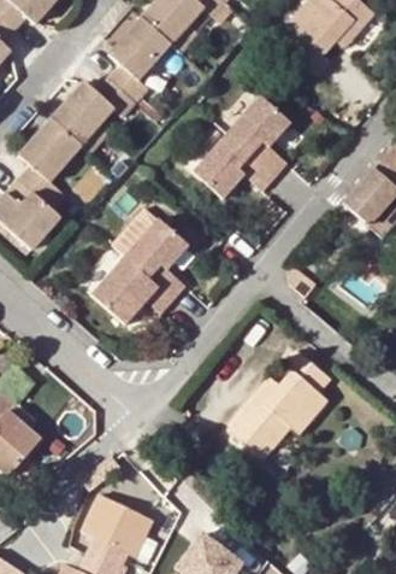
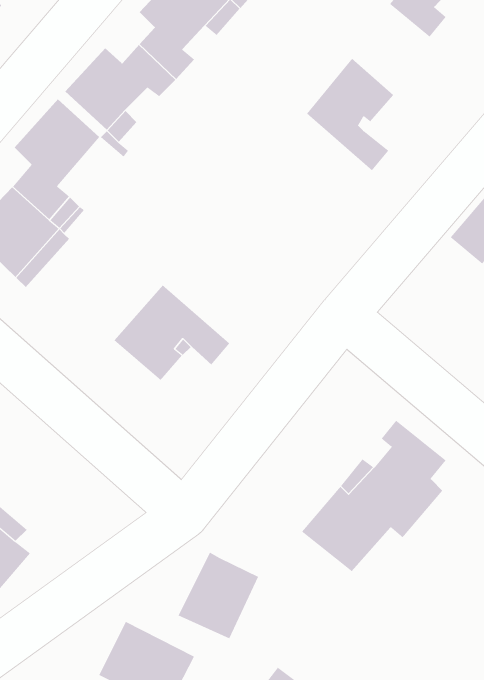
building: [195,131,276,195] -> none
building: [126,216,189,295] -> none
building: none -> [178,552,259,639]

